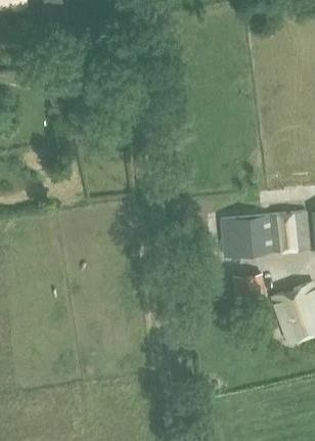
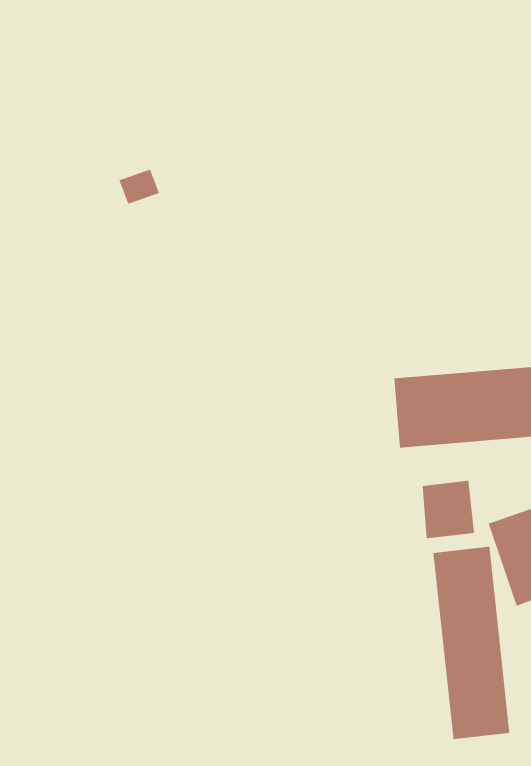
building: none -> [433,546,510,740]

